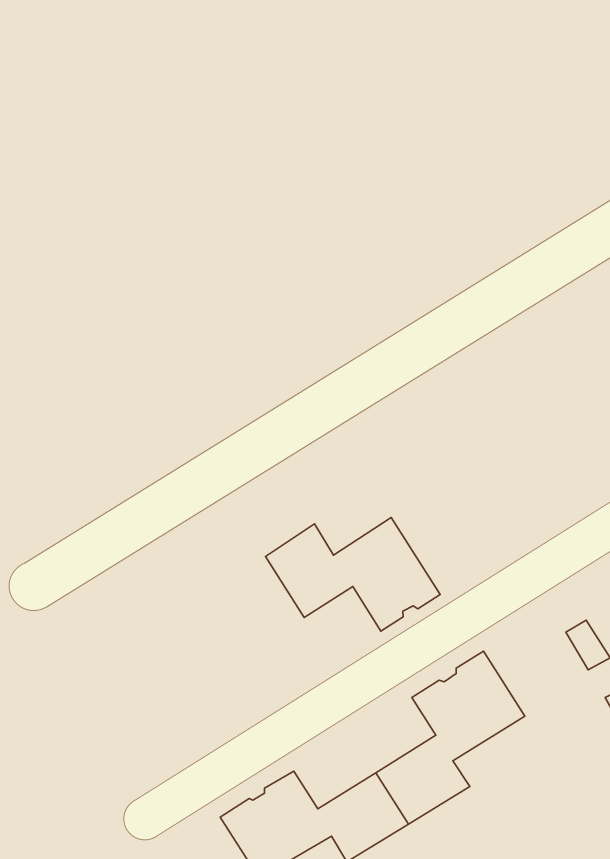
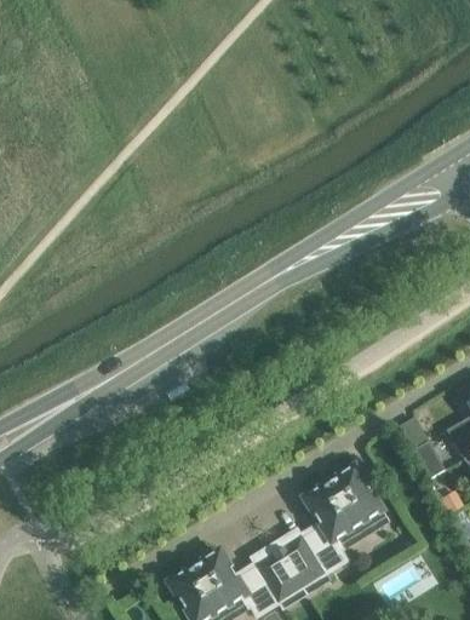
building: [266,517,440,631] -> none

